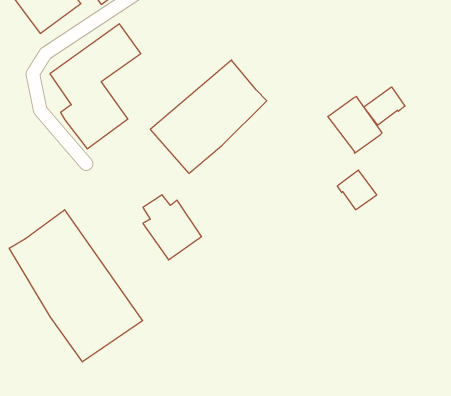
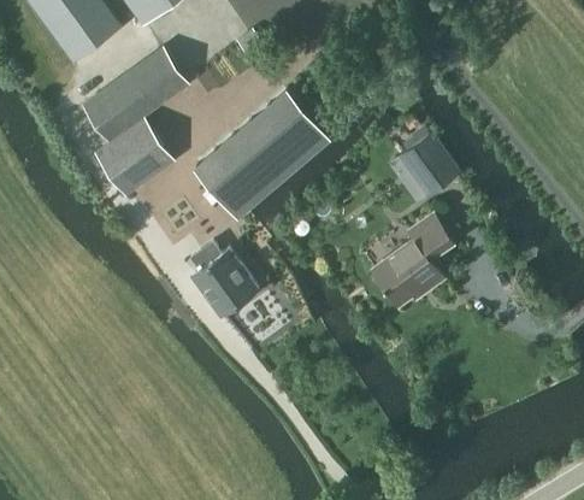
building: [364,87,405,125] -> none
building: none -> [370,239,441,306]
building: [9,210,143,362] -> none

